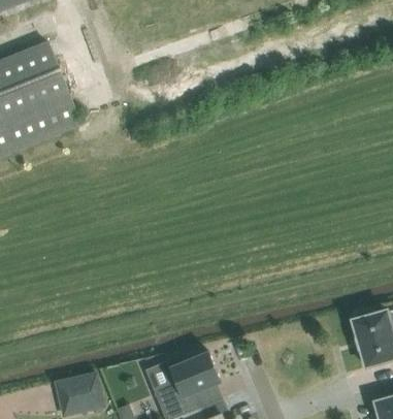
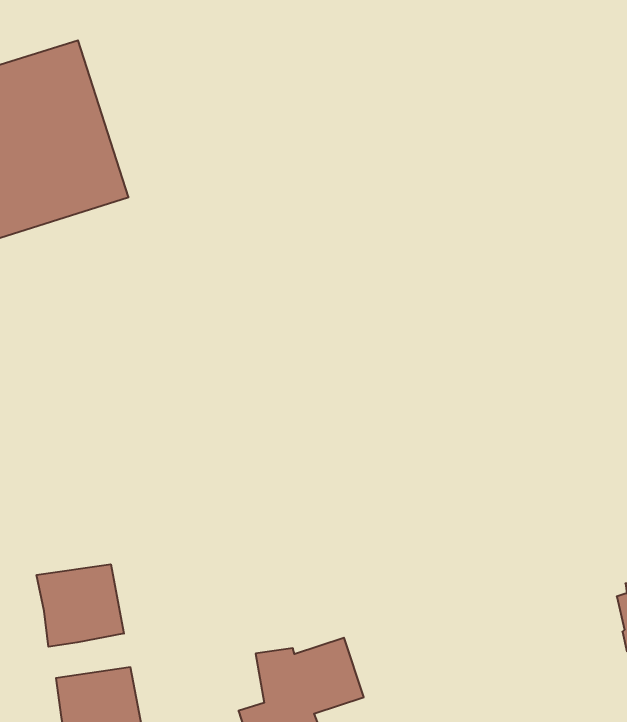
building: none -> [37,564,124,647]

